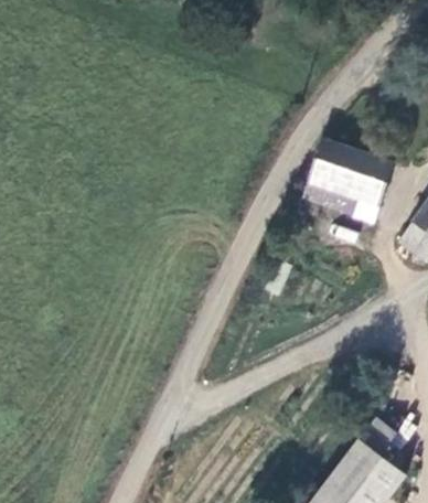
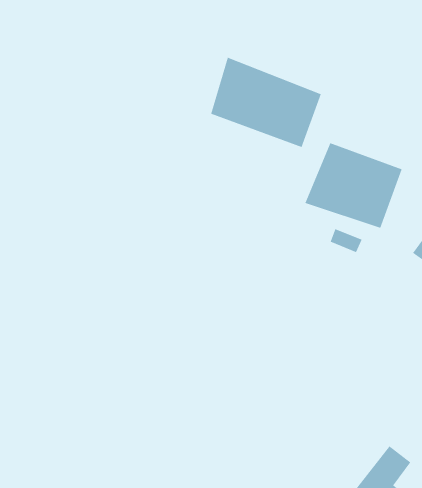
building: none -> [210,57,322,148]

